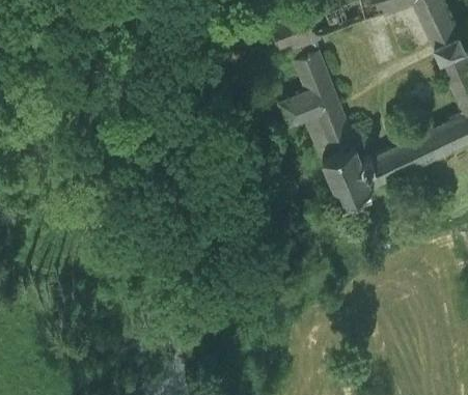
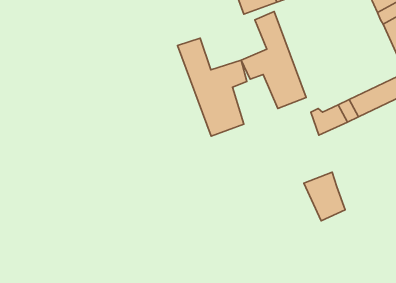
building: none -> [177,38,247,136]
building: [321,147,367,202] -> [304,172,345,221]

